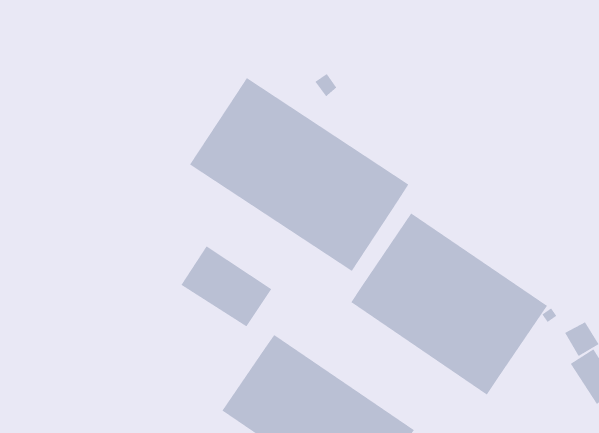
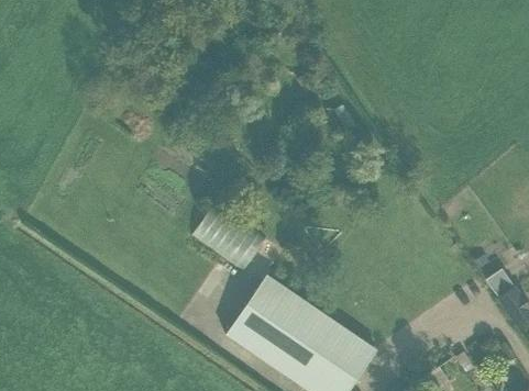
building: [189,77,409,272] -> none
building: [350,213,548,395] -> none

